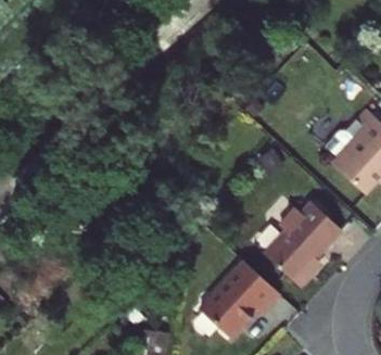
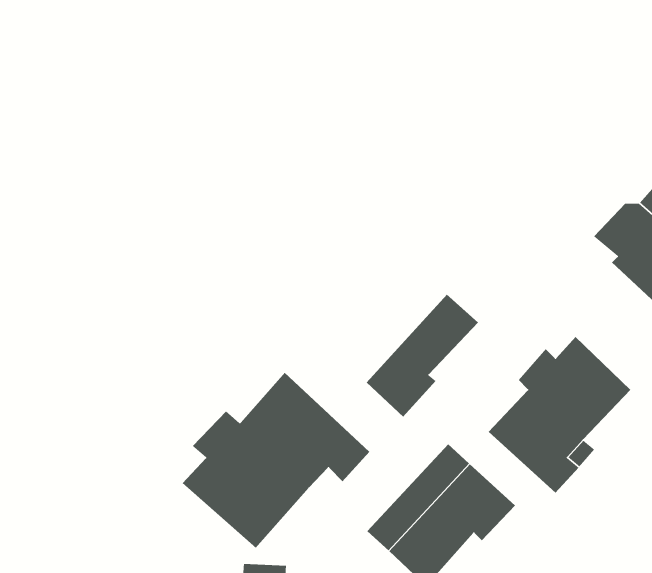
building: none -> [366,294,479,418]
building: none -> [182,372,370,549]

